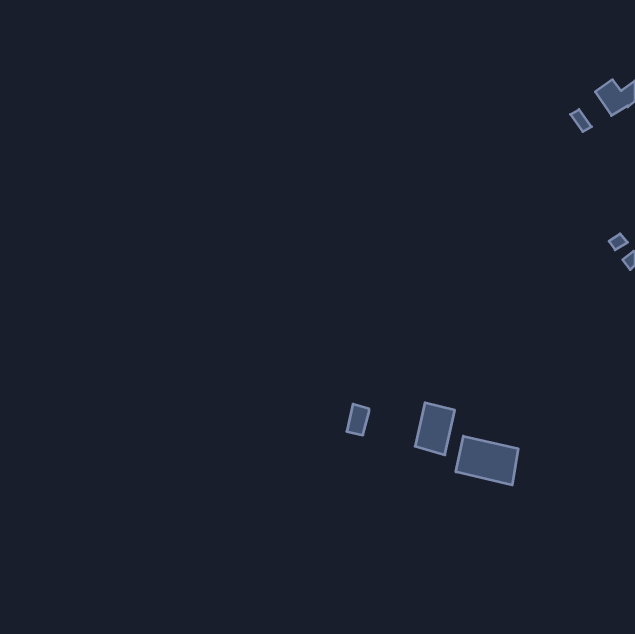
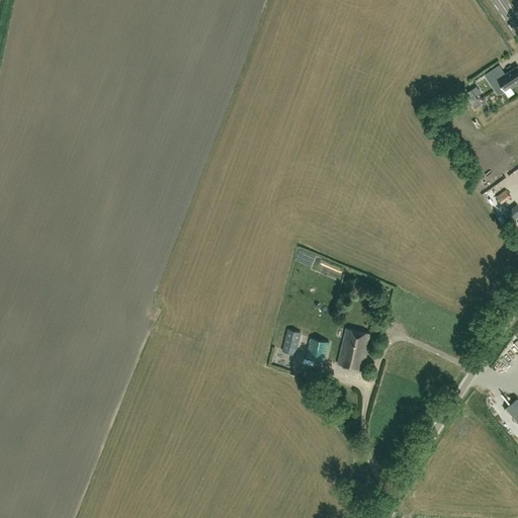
building: none -> [306,338,329,362]
building: [456,436,518,485] -> none

